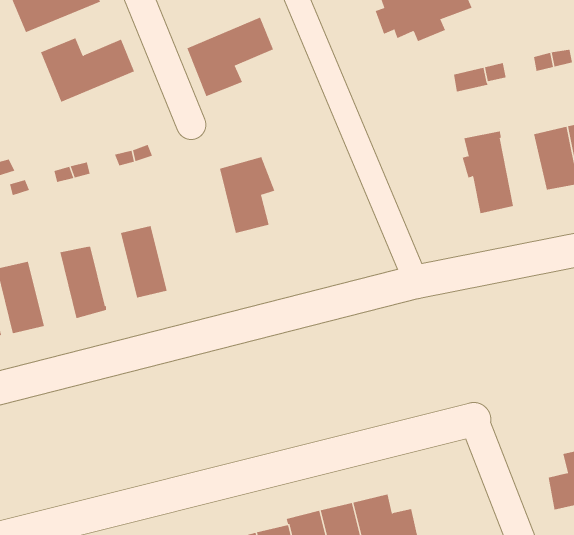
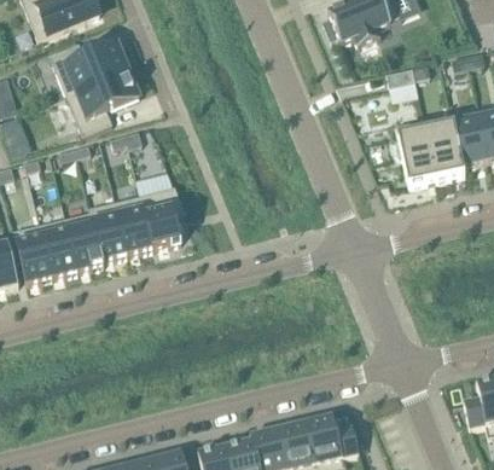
building: [187,17,274,97] -> [66,68,138,133]
building: none -> [425,116,465,178]
building: [219,157,275,234] -> [140,184,186,246]
building: none -> [88,199,128,259]
building: none -> [40,215,79,275]

